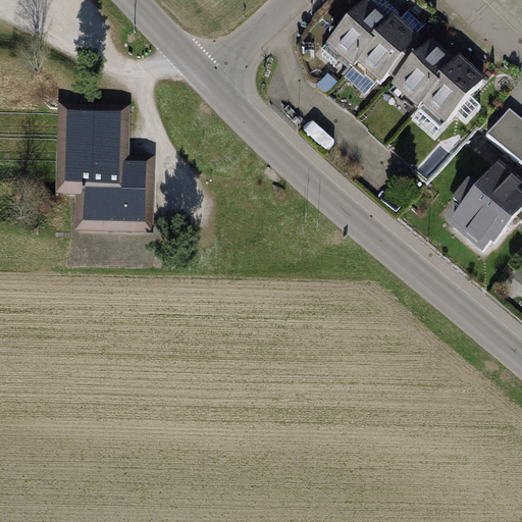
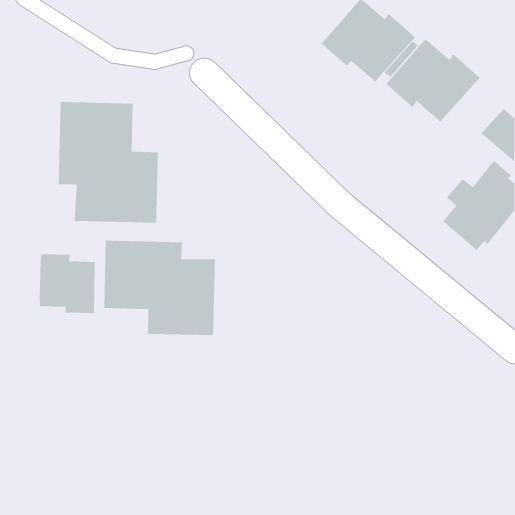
building: none -> [103,240,216,336]
building: none -> [39,253,96,314]

